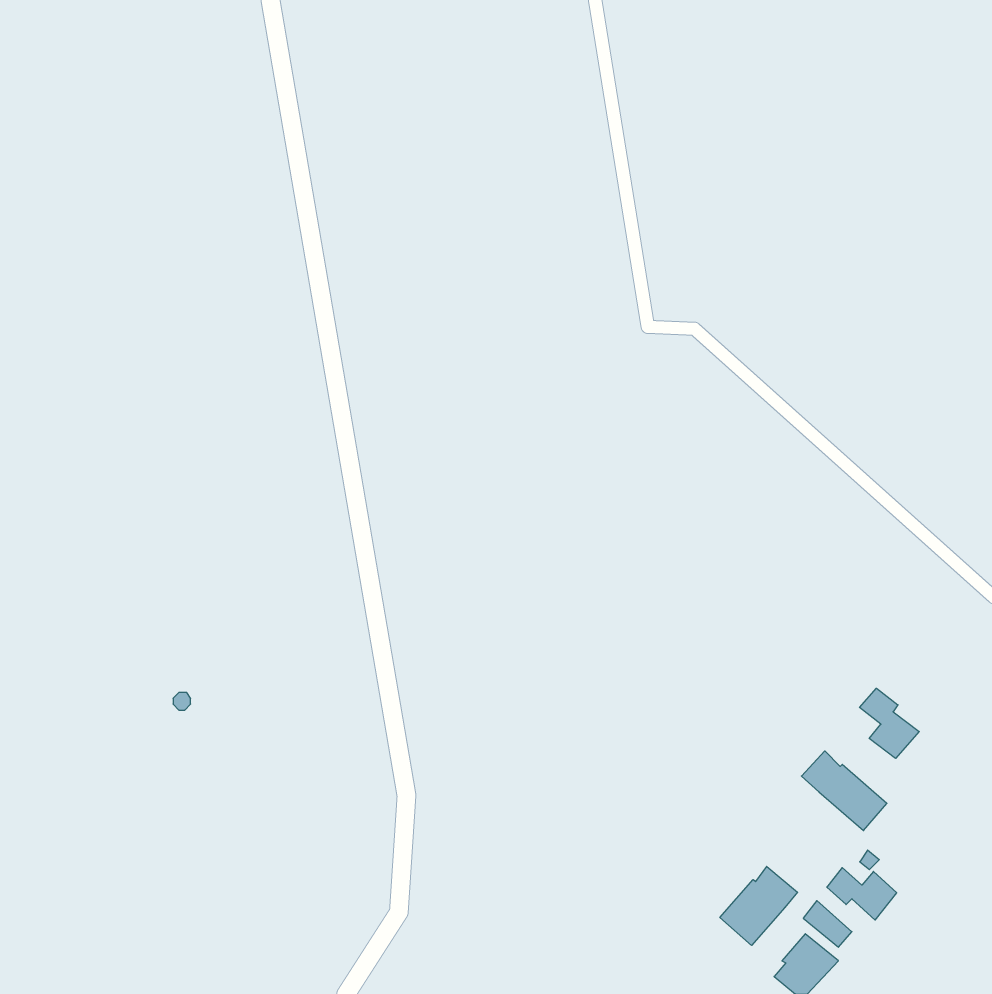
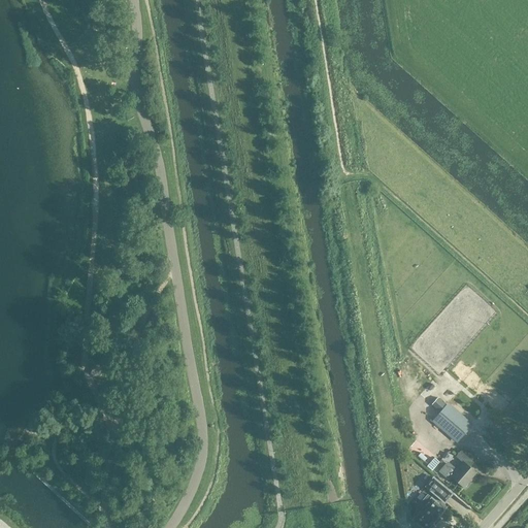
building: [860,688,919,758] -> none
building: [720,866,798,945] -> none

